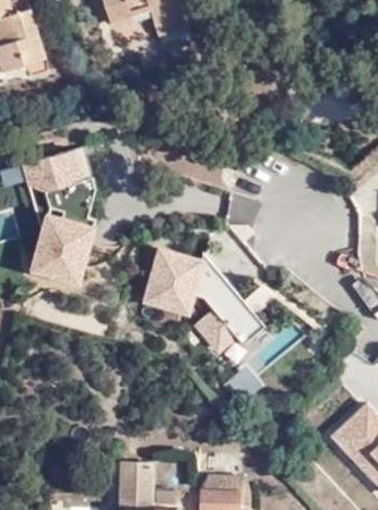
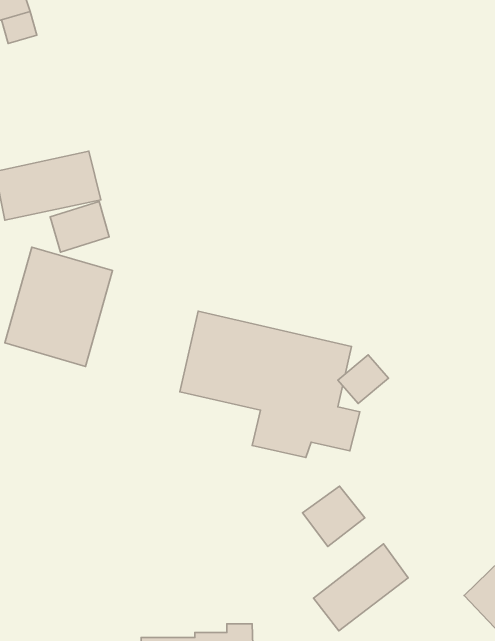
building: none -> [314,544,408,631]

